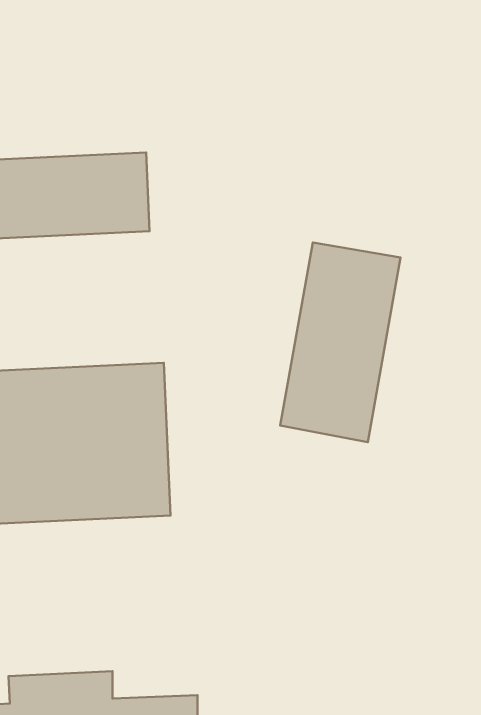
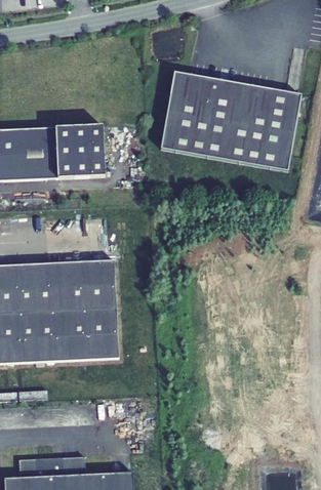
building: none -> [160,72,300,171]
building: [280,242,401,442] -> none

